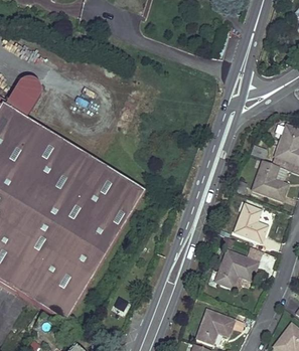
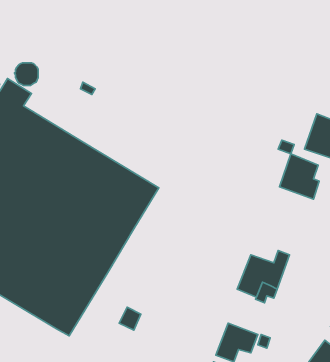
building: [234,203,268,241] -> none

